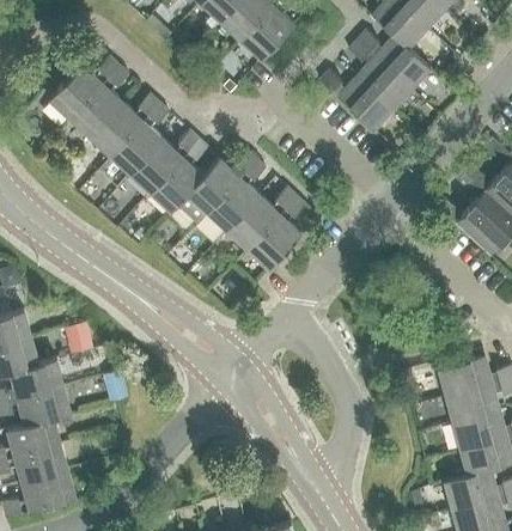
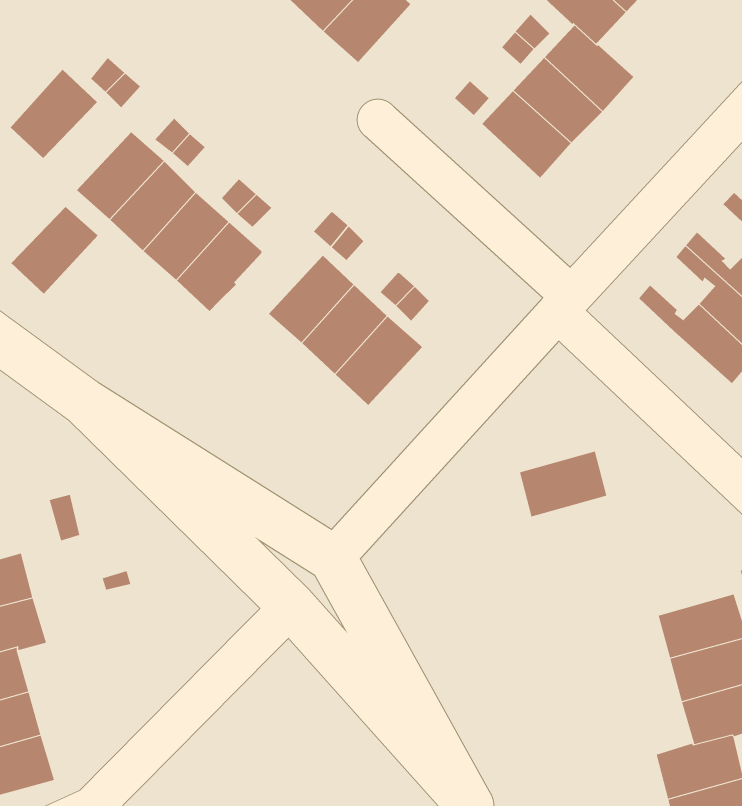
building: [68,84,122,138] -> [11,206,99,294]
building: [176,158,239,224] -> none
building: [437,356,490,397] -> [519,451,607,517]

